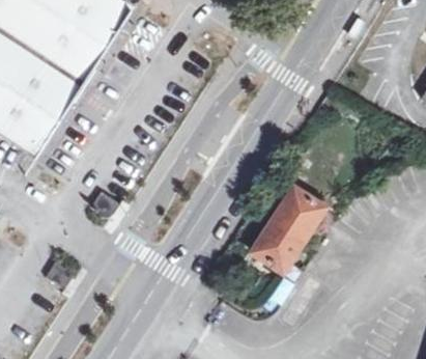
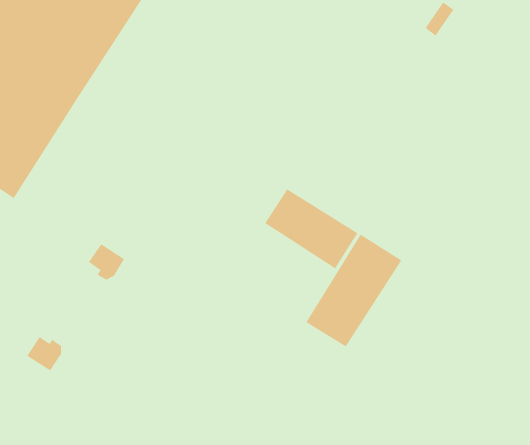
building: none -> [265,189,358,269]

